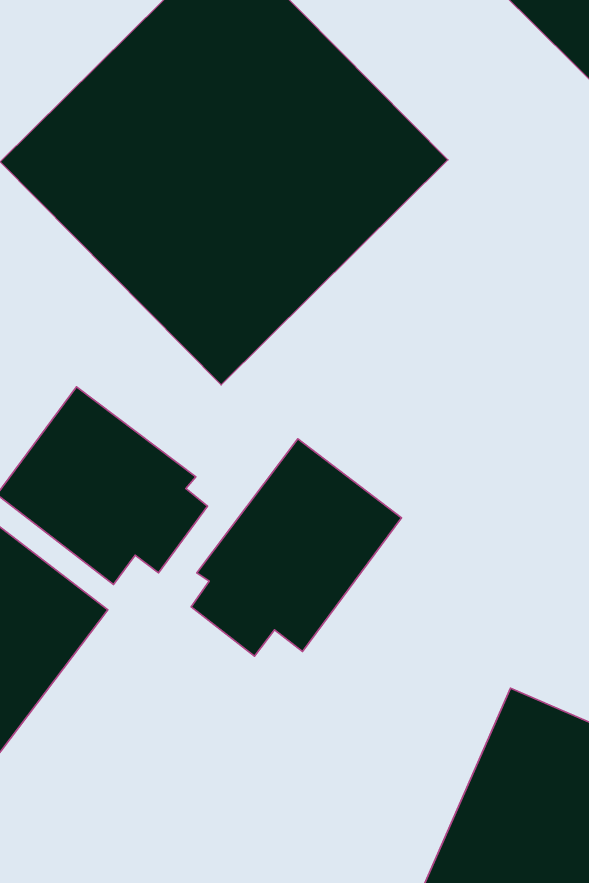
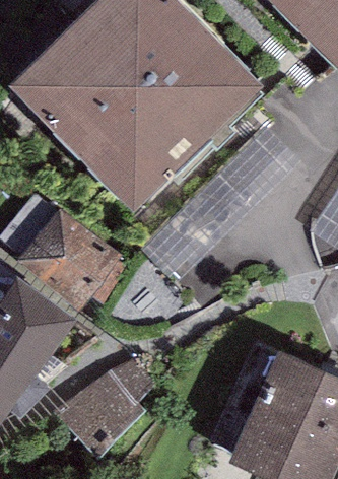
building: [191,439,401,656] -> none
building: none -> [51,359,153,461]

